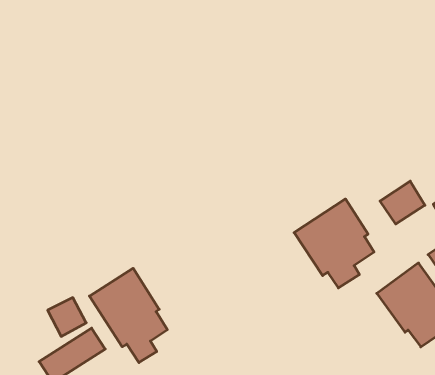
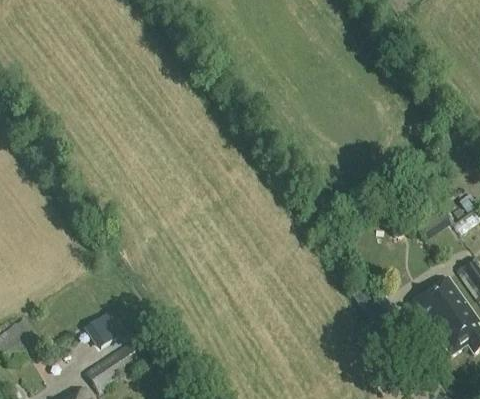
building: [294,199,374,288] -> none
building: [89,268,167,363] -> none

